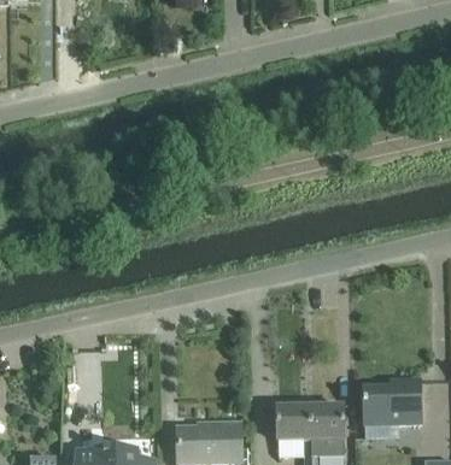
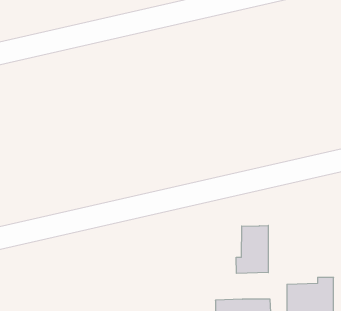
building: none -> [236,225,268,273]

